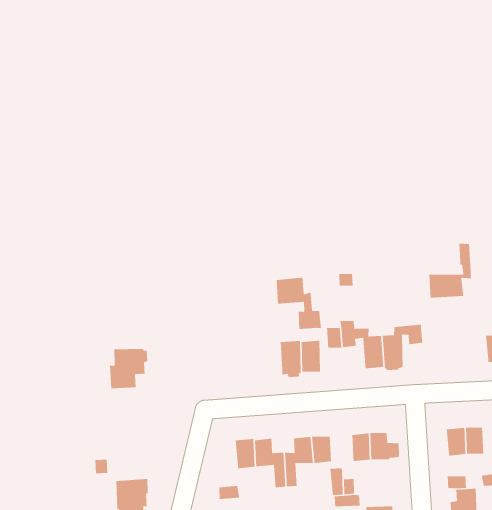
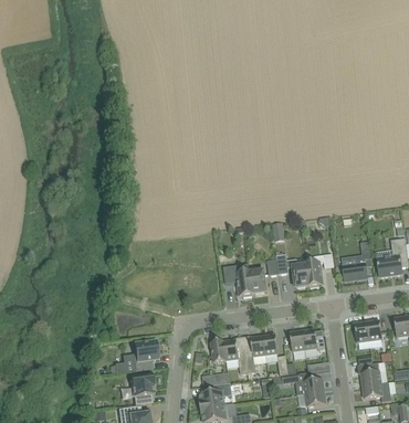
building: [429,243,472,299] -> [342,242,371,282]
building: [276,277,322,330] -> none
building: [109,348,148,389] -> [133,340,159,370]

